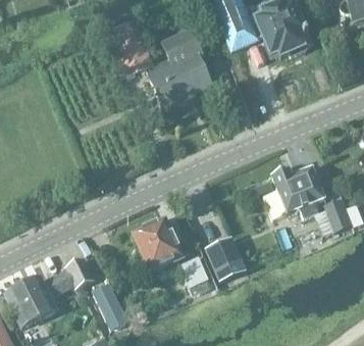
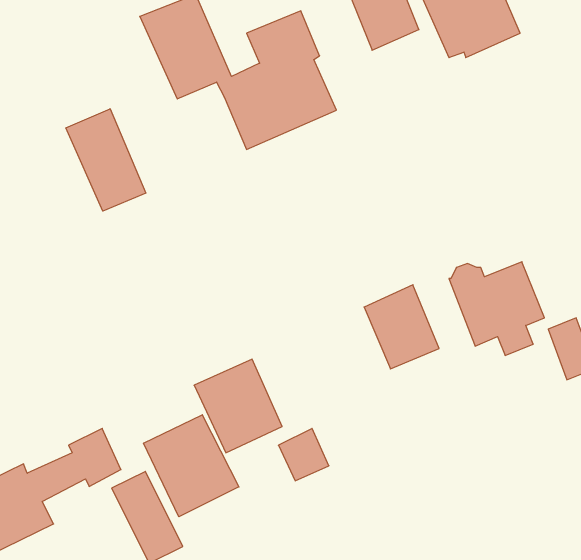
building: none -> [66,109,146,211]
building: [205,236,246,282] -> [364,285,439,369]
building: none -> [144,415,239,517]

